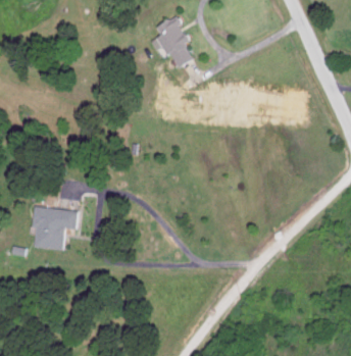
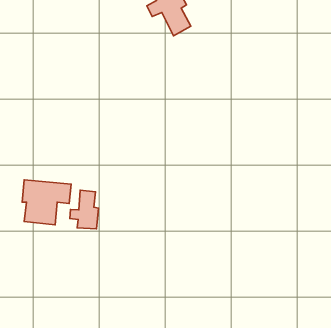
building: none -> [70,190,99,229]

